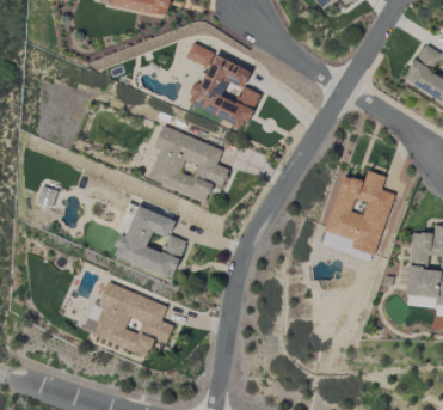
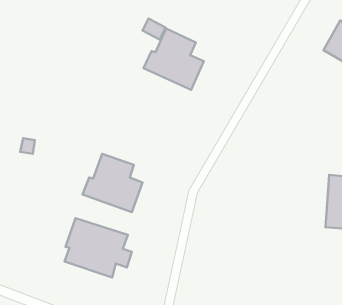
building: [147,126,228,201] -> none
building: [325,170,392,255] -> none

